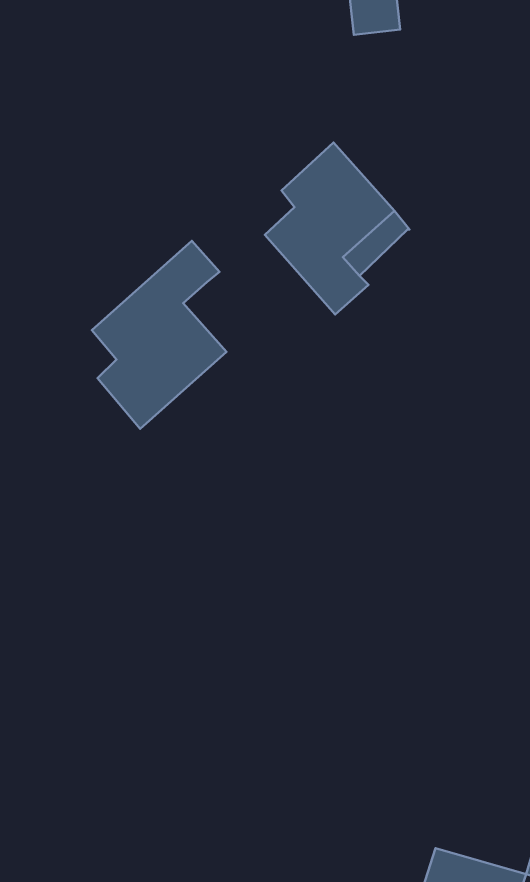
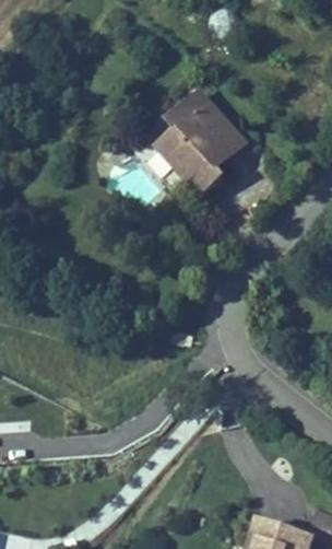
building: [92,241,227,429] -> none

